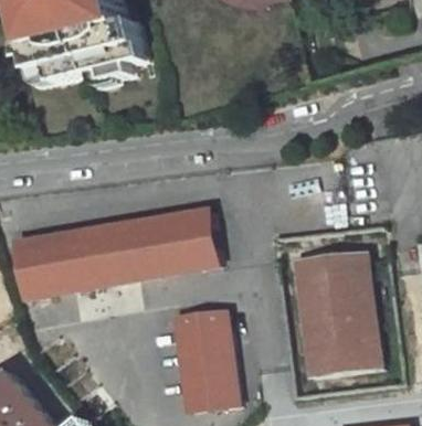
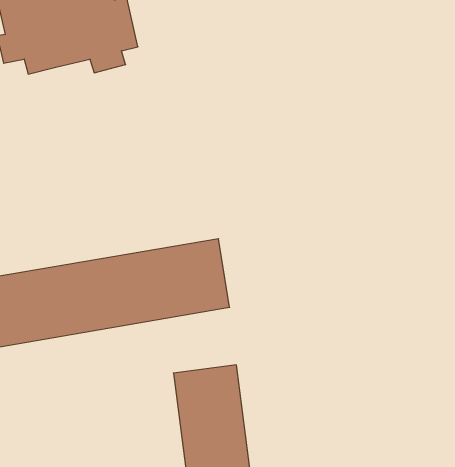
building: [291,248,377,375] -> none

